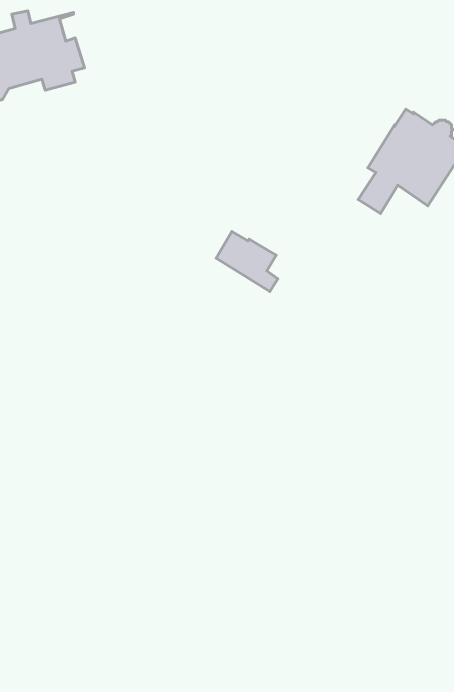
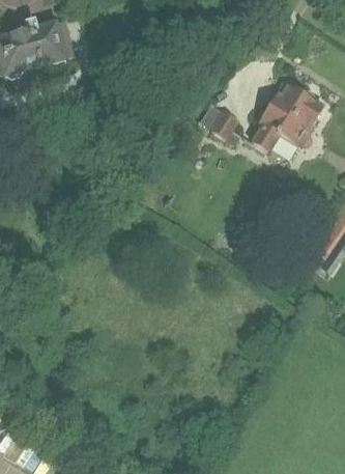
building: [216,231,278,292] -> [200,104,240,143]

